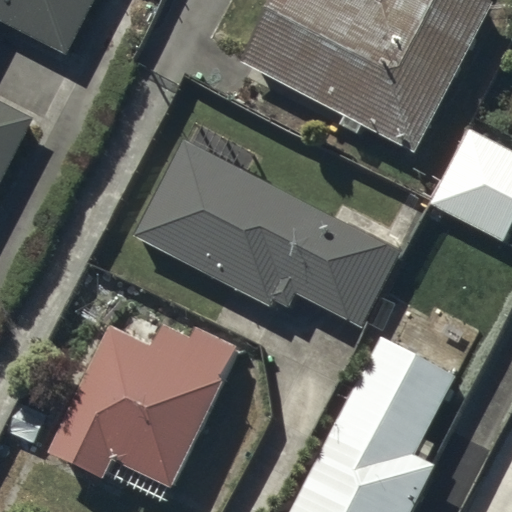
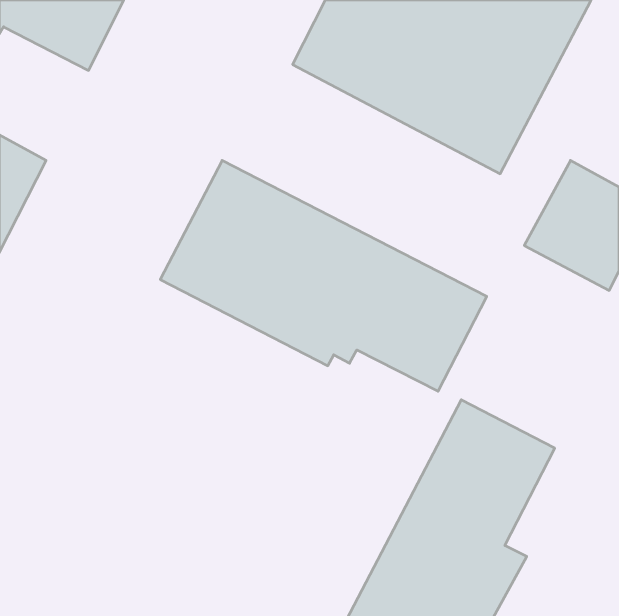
building: [49,318,239,484] -> none

